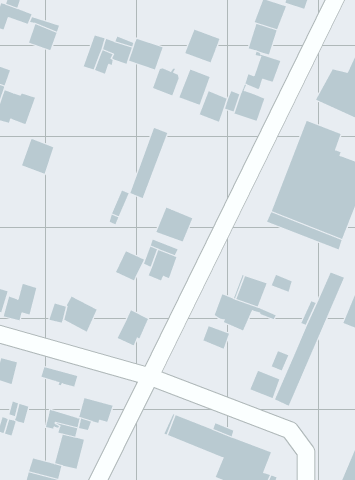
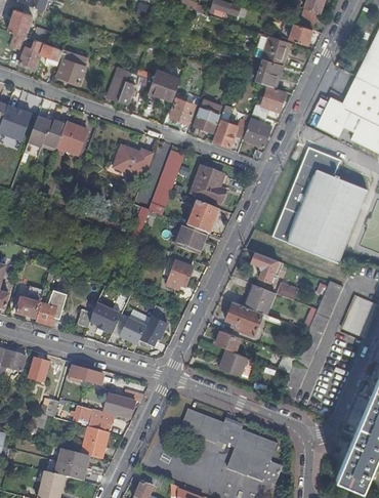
building: [185,29,220,63] -> none
building: none -> [114,147,152,178]
building: [21,138,54,175] -> [57,123,87,156]
building: none -> [193,167,226,203]
building: none -> [187,201,219,235]
building: none -> [251,252,279,282]
building: [115,251,145,281] -> [119,319,145,346]
building: [249,370,280,399] -> [220,349,248,375]

